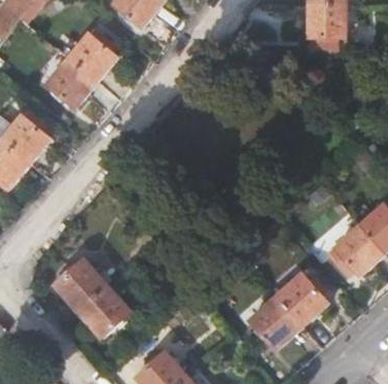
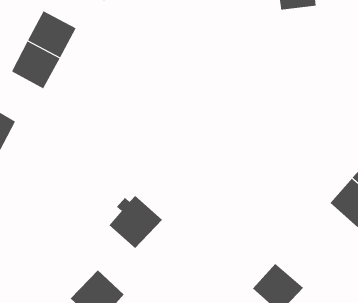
building: [55,259,107,311] -> [109,195,163,249]
building: [277,278,325,326] -> none

